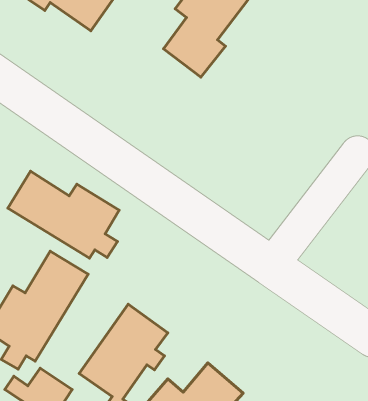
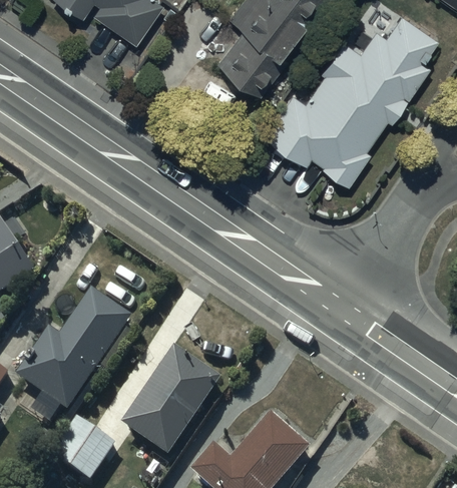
building: none -> [265,10,441,181]
building: [8,171,119,258] -> none

